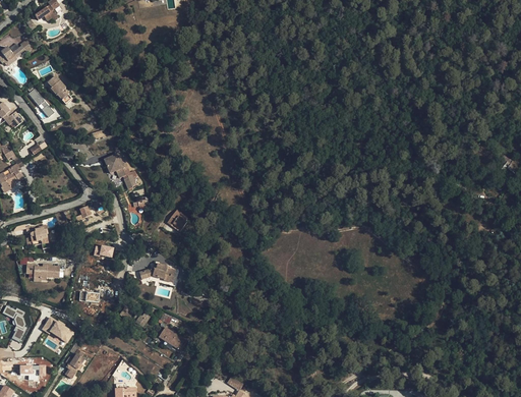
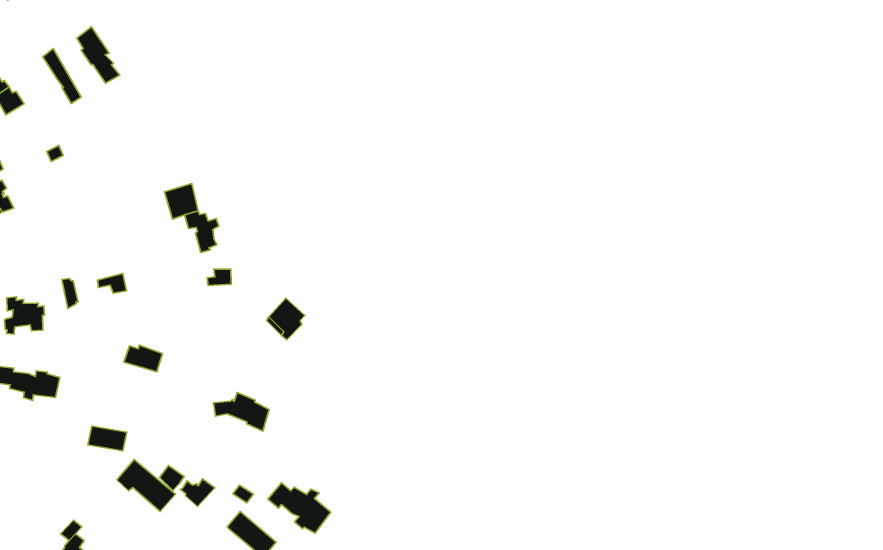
building: none -> [268,483,331,533]
building: [43,314,75,340] -> [117,459,175,511]

